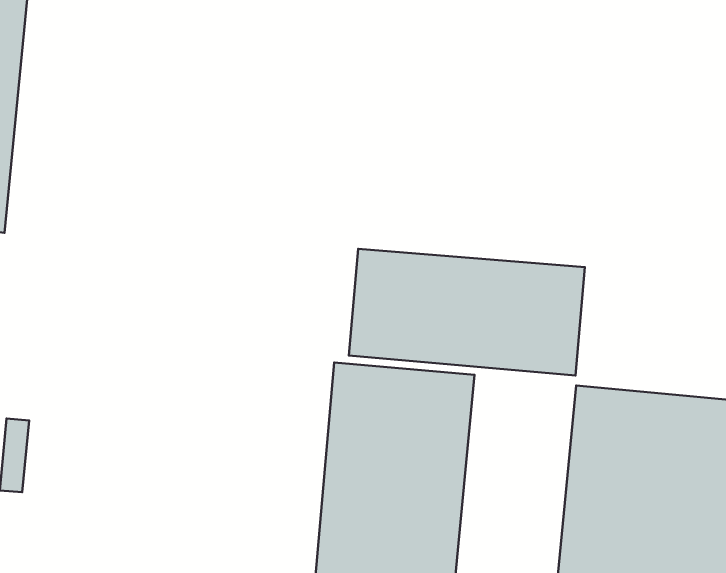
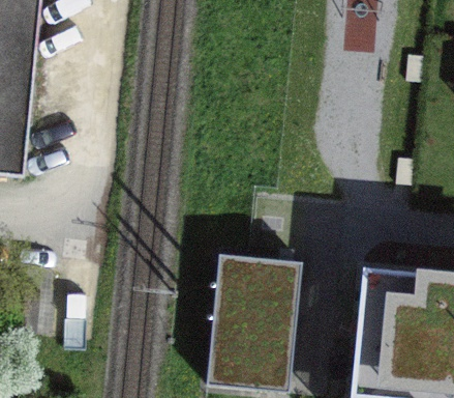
building: [349,249,585,375] -> none

